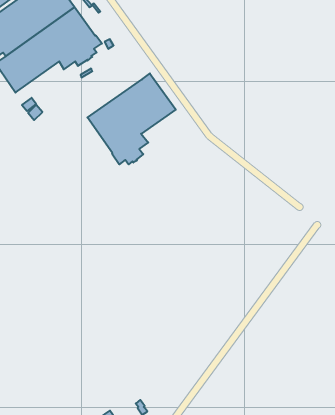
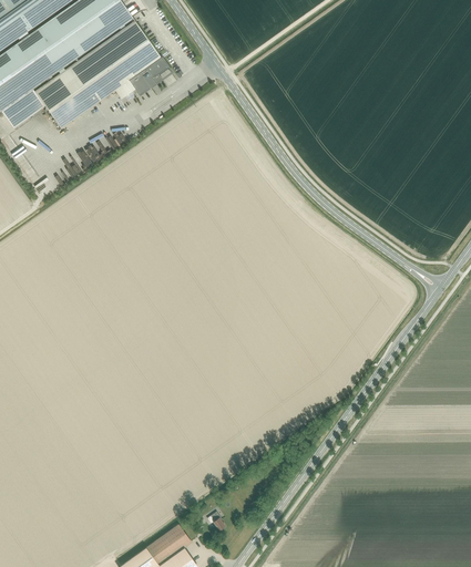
building: [87,73,176,164] -> none

